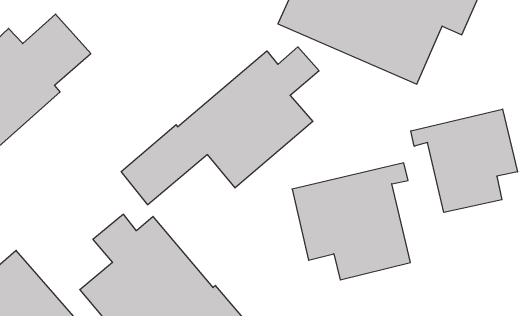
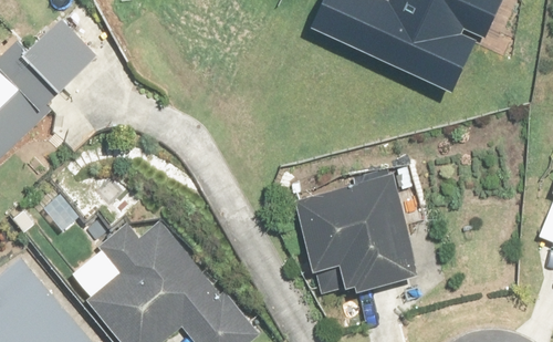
building: [121,47,319,205] -> none
building: [411,109,518,212] -> none

